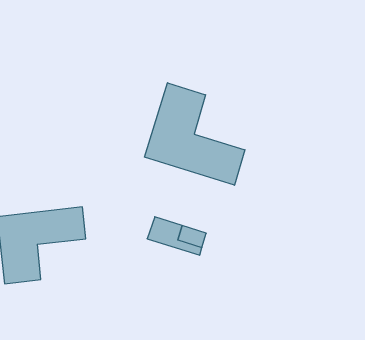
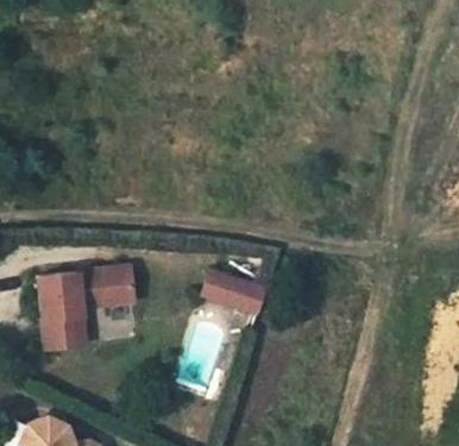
building: [144,83,245,185] -> none

